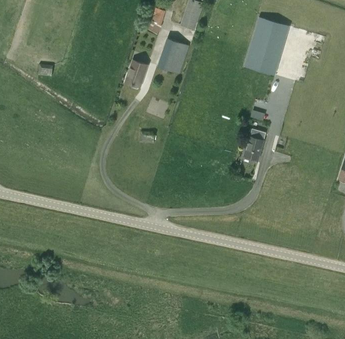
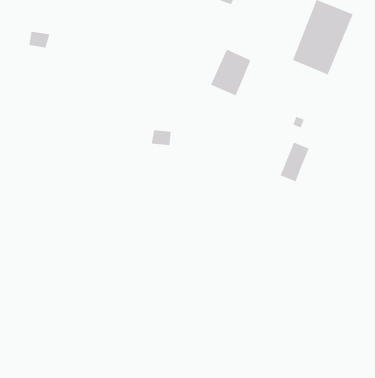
building: [158,37,188,73] -> [210,49,251,96]
building: [125,59,147,87] -> none

